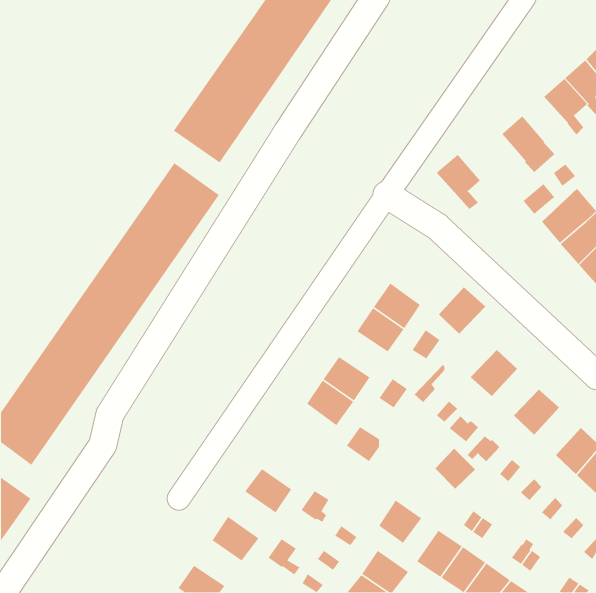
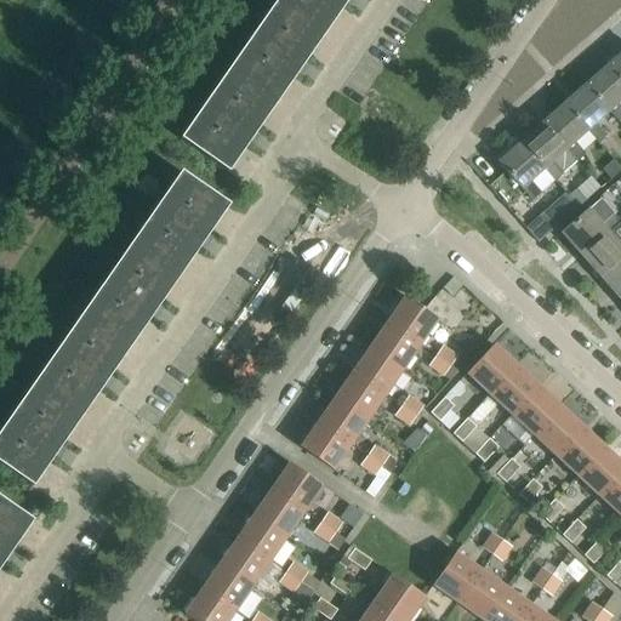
building: none -> [543,101,589,160]
building: [436,154,481,210] -> [498,139,546,198]
building: [438,287,486,334] -> [467,342,517,392]
building: none -> [353,344,404,392]
building: none -> [512,383,560,432]
building: none -> [301,420,351,467]
building: none -> [556,423,604,473]
building: none -> [273,461,323,508]
building: [434,448,476,489] -> none
building: none -> [238,511,287,559]
building: [378,500,422,544] -> none
building: none -> [203,562,252,609]

